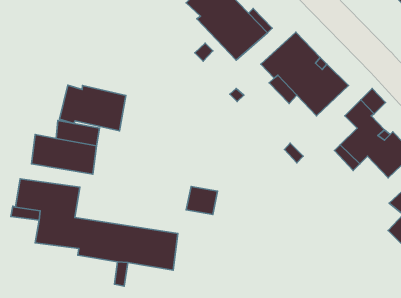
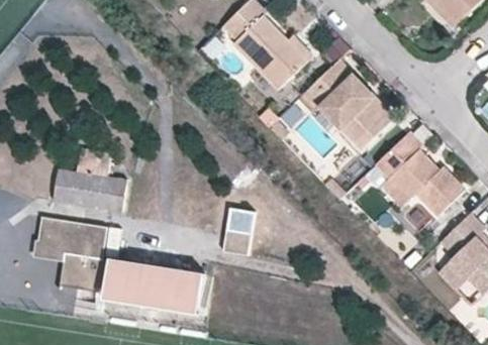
building: [59,85,126,131] -> none

